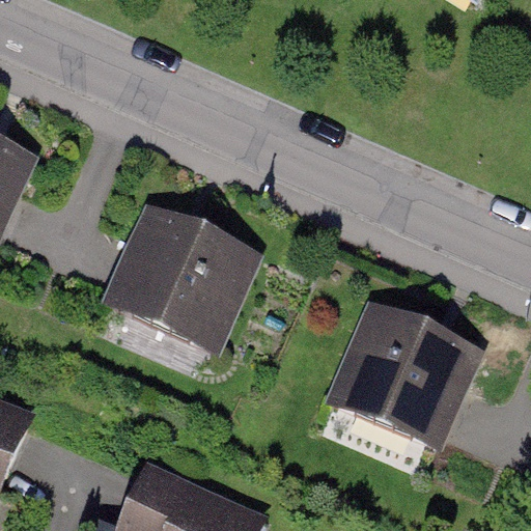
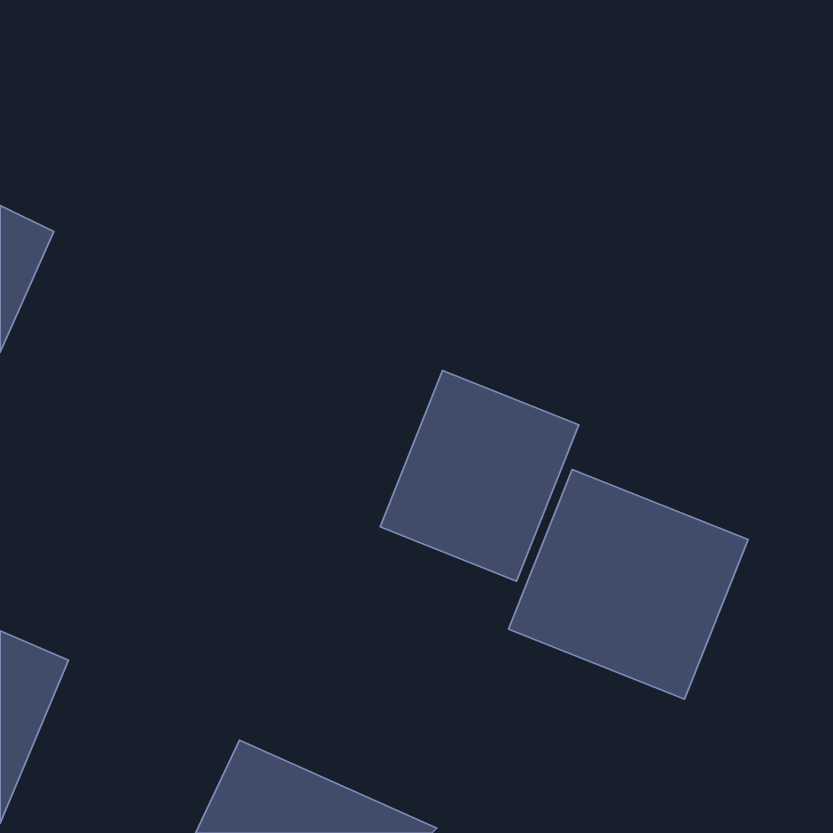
building: [107,204,250,350] -> none
building: none -> [380,371,579,581]

